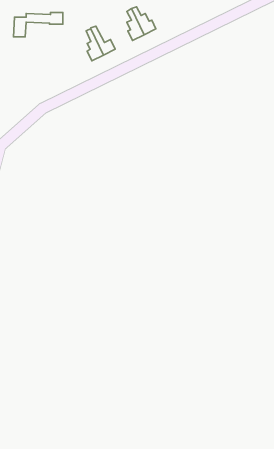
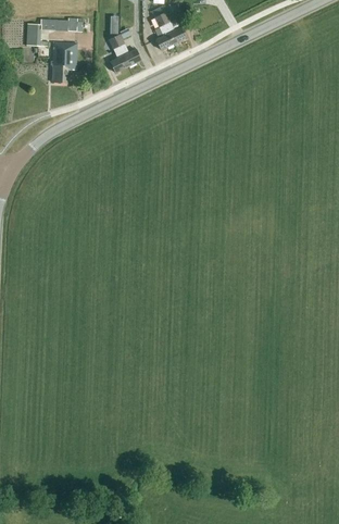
building: none -> [51,42,76,83]

